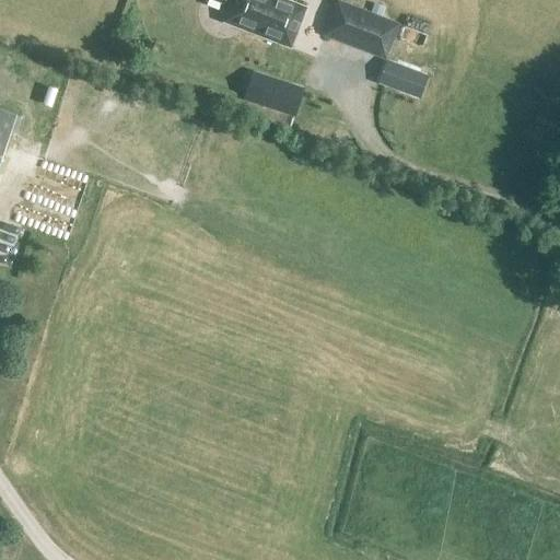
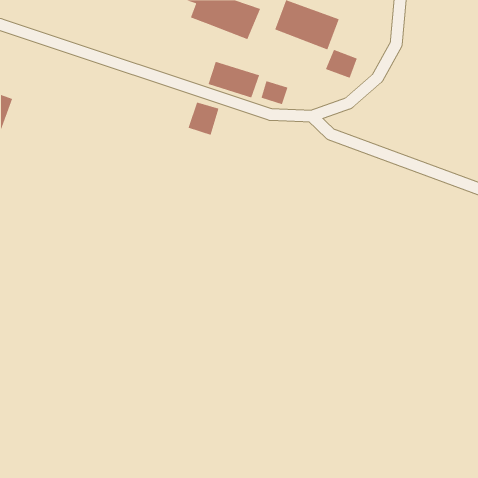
building: none -> [261,80,288,105]
building: none -> [188,101,219,136]

